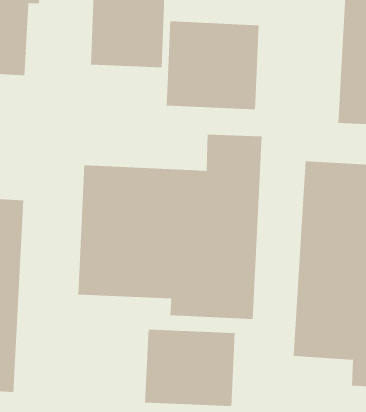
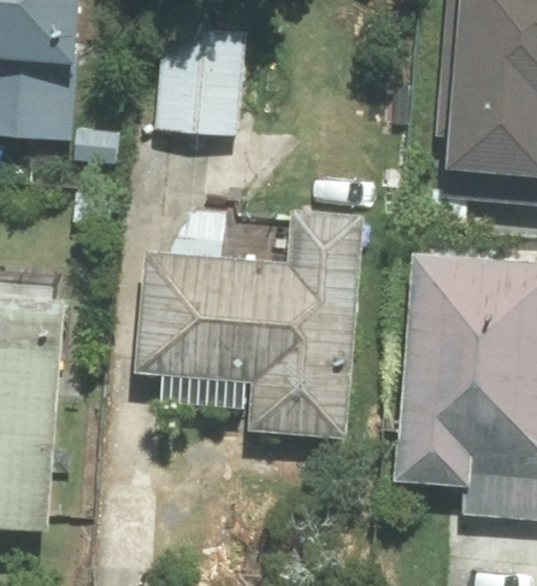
building: [166,21,259,110] -> none
building: [145,329,235,407] -> none

